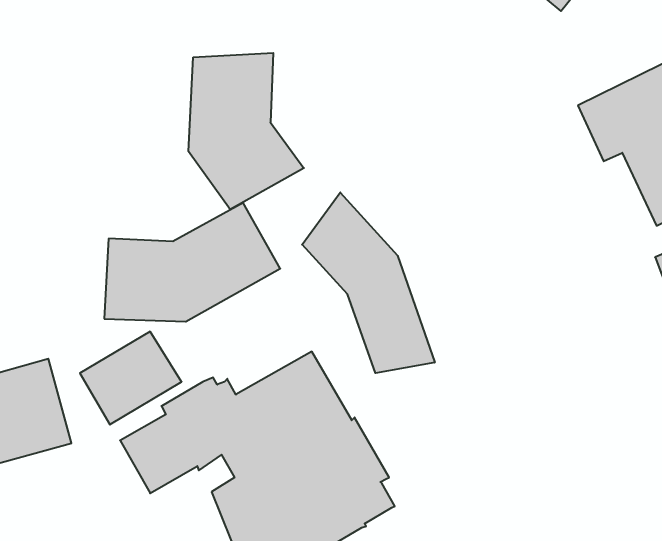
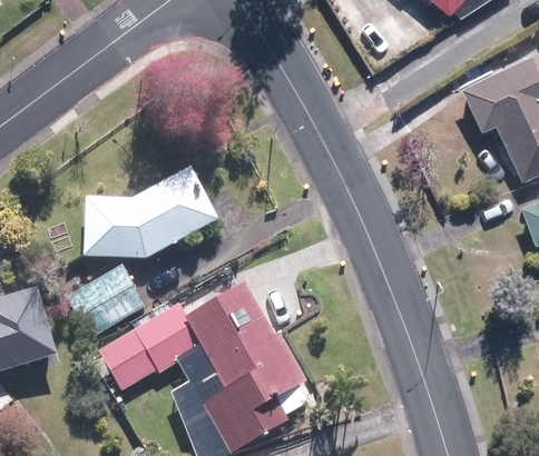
building: [189,53,304,210] -> none
building: [302,192,435,373] -> none

